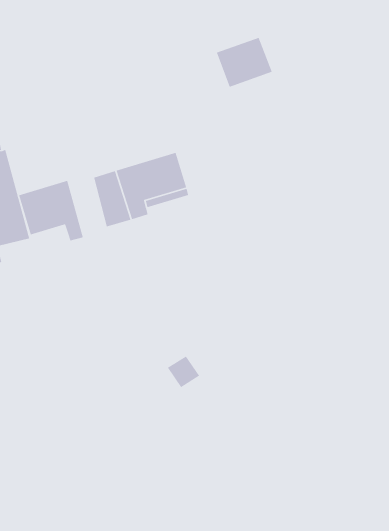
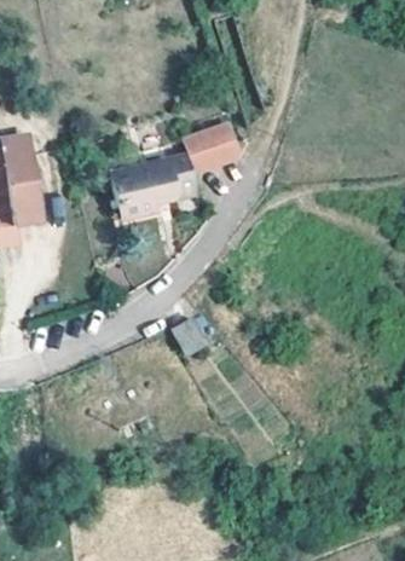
building: [216,37,273,88] -> [186,125,236,168]
building: [18,180,84,242] -> none

